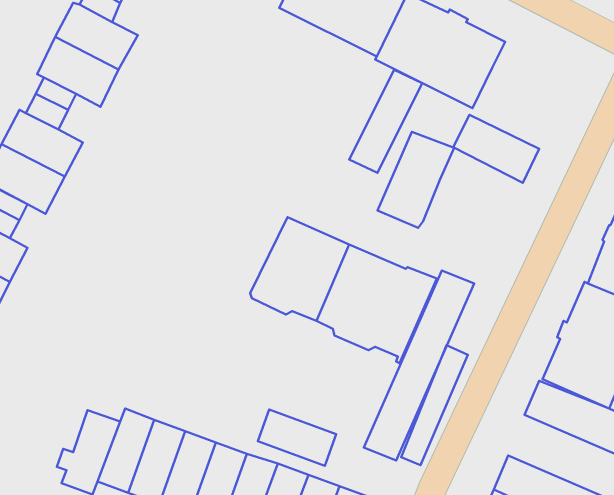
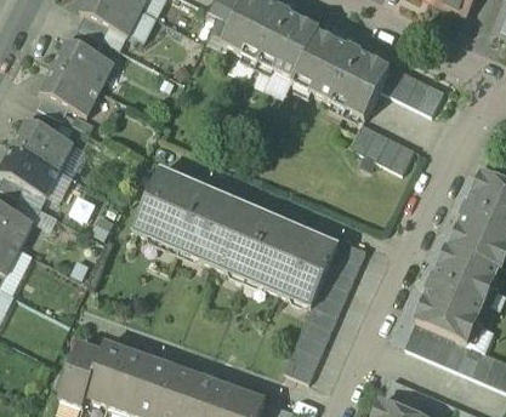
building: none -> [379,64,443,114]
building: [349,70,422,173] -> none
building: [378,132,454,228] -> none
building: none -> [131,167,227,256]
building: [258,410,336,466] -> none

